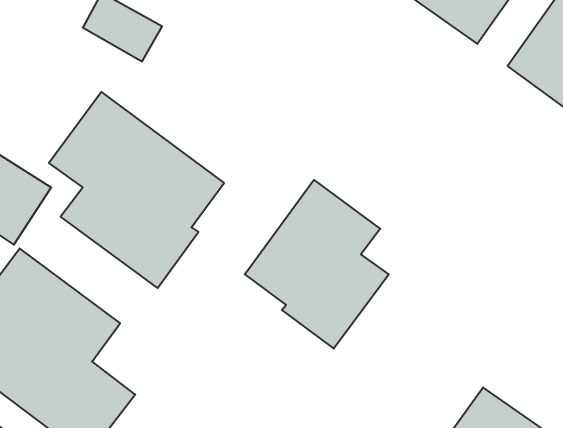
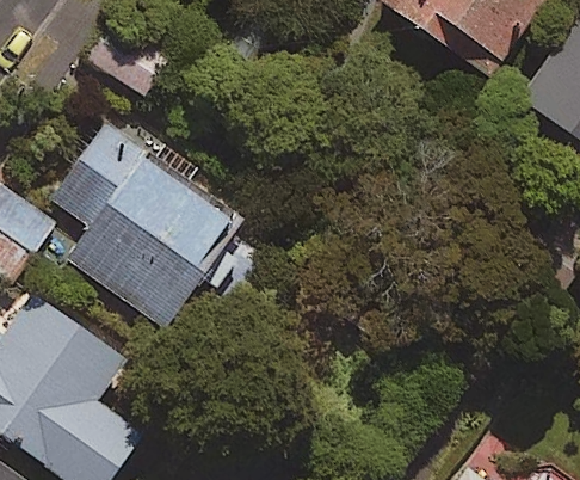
building: [245,180,389,349] -> none

